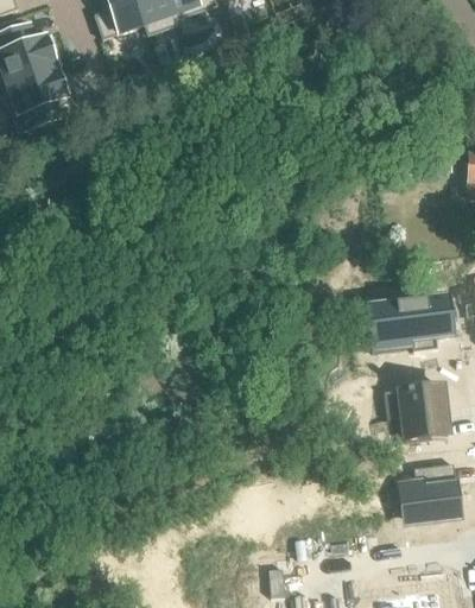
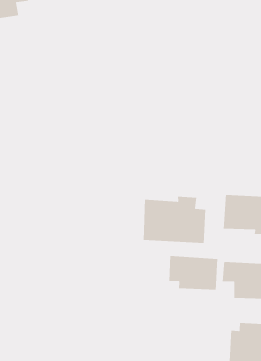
building: none -> [143,196,206,244]
building: none -> [168,255,218,291]

